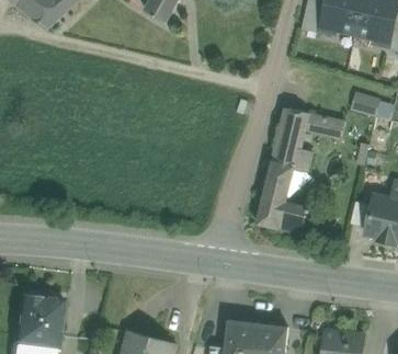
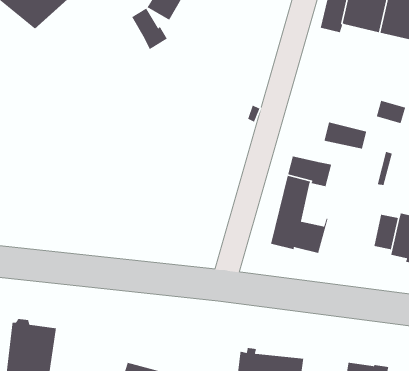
building: none -> [131,8,168,50]
building: [276,107,309,149] -> none

